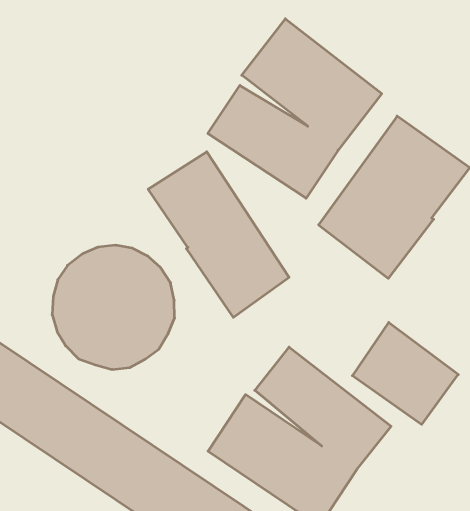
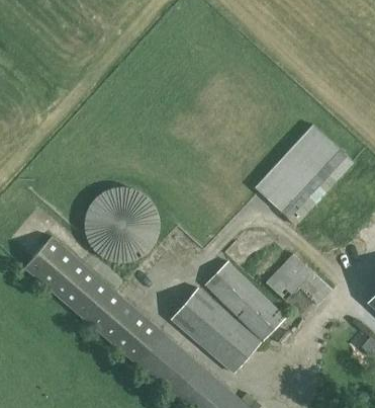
building: [208,19,382,198] -> none
building: [148,152,289,317] -> none

